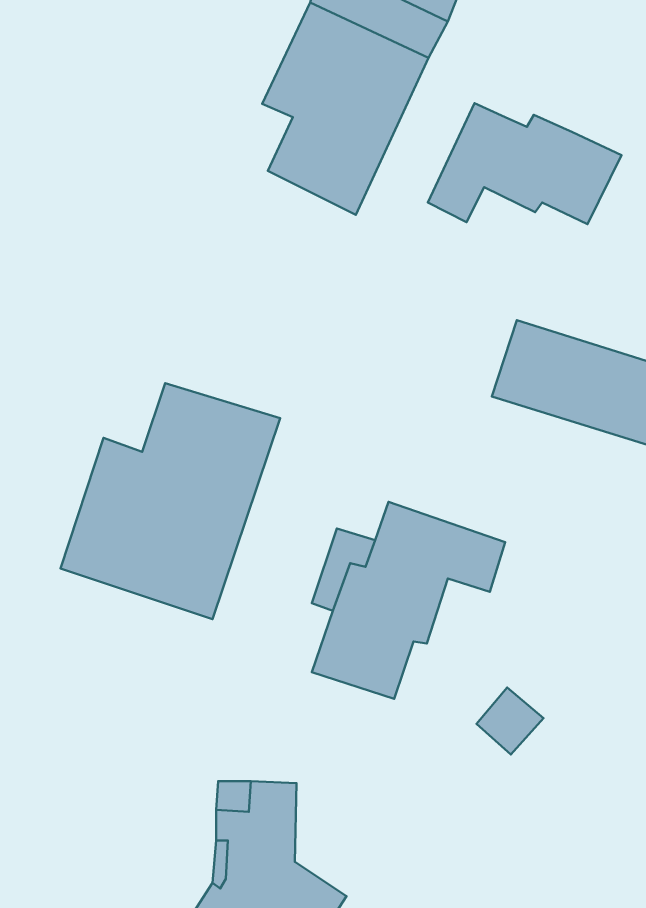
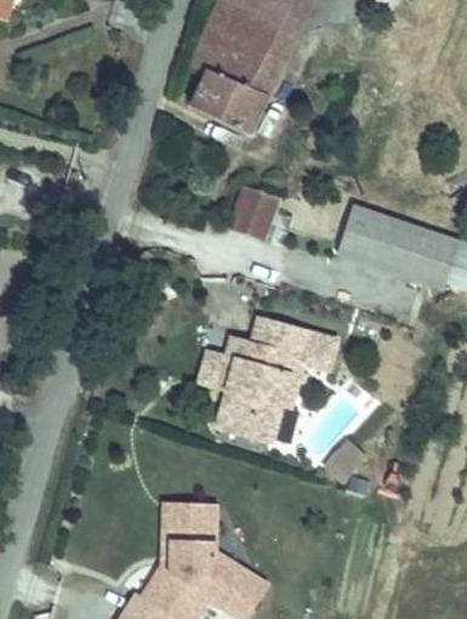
building: [428,103,621,224] -> none
building: none -> [230,189,281,240]
building: [61,383,280,619] -> none

